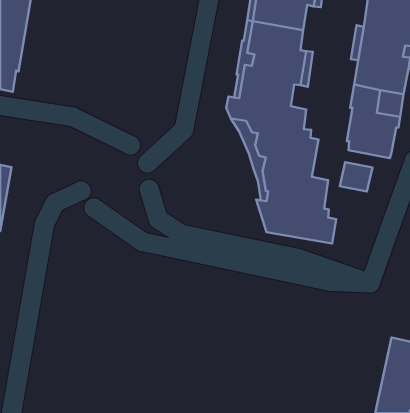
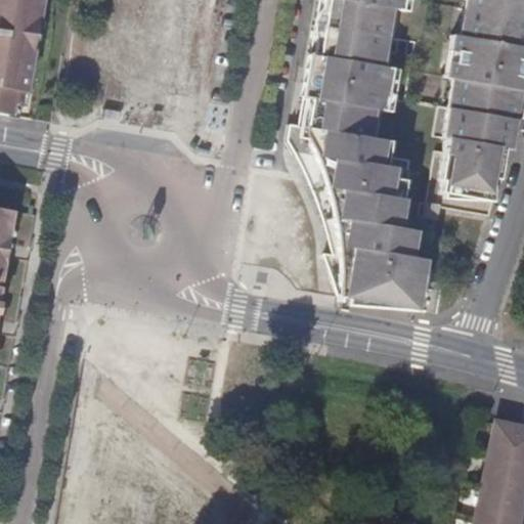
building: [340,162,372,192] -> none

